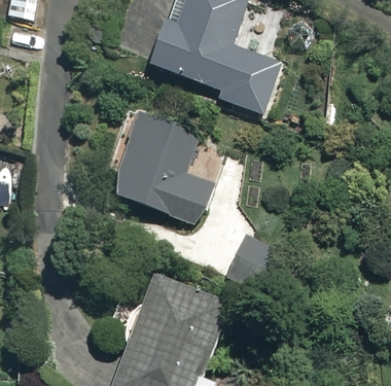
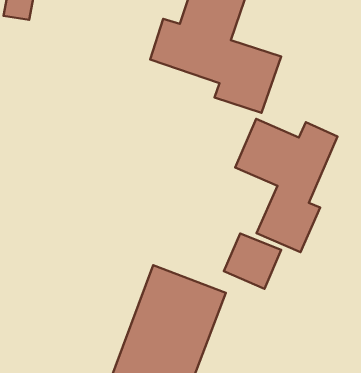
building: [105,111,214,231] -> none
building: none -> [235,119,338,252]

